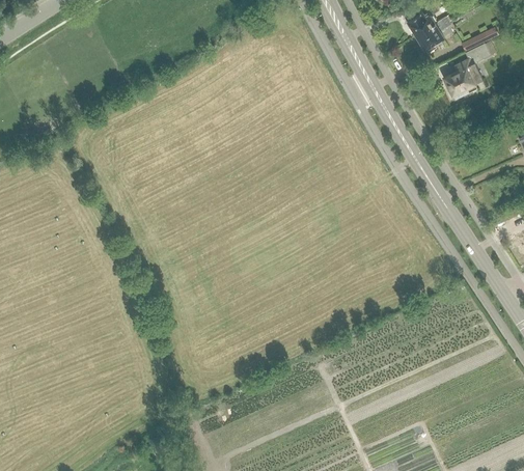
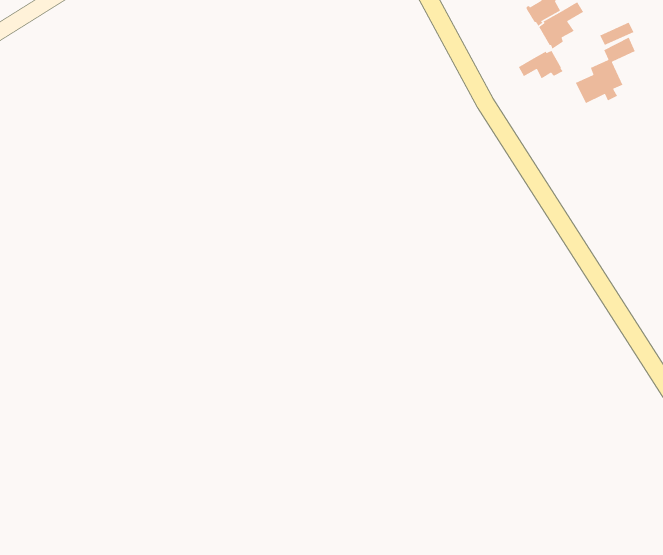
building: none -> [518,50,564,79]

